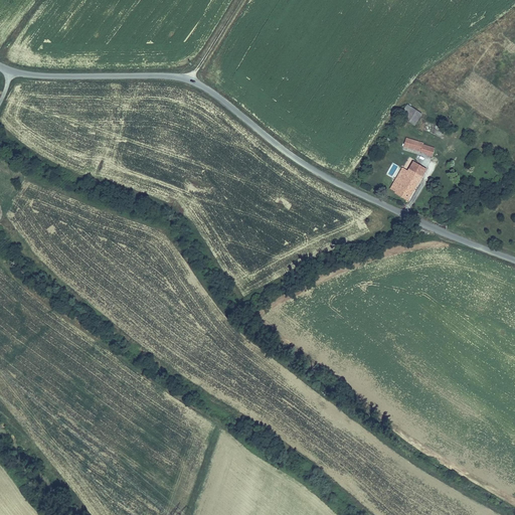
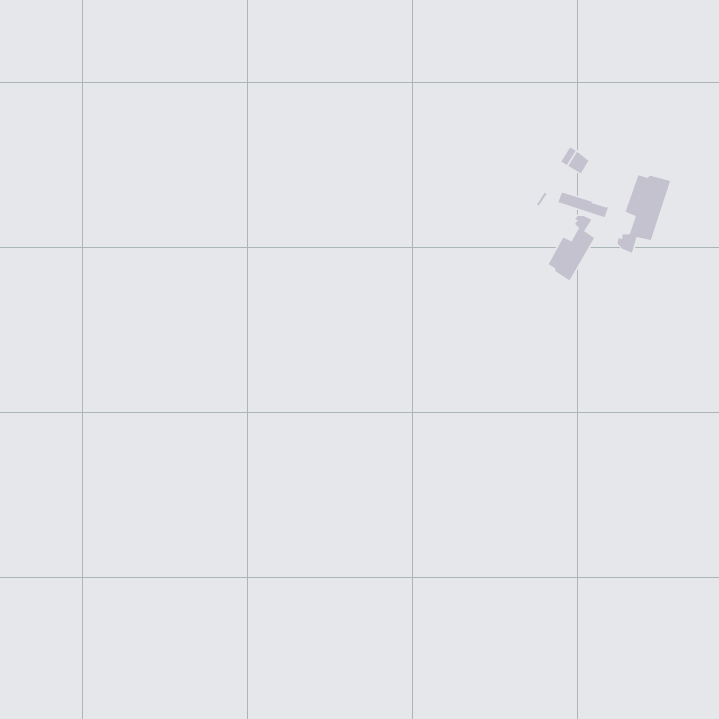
building: none -> [616,174,671,254]

